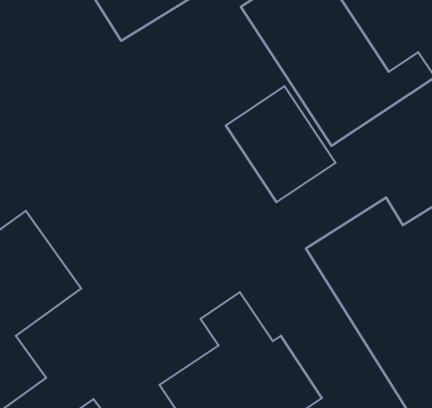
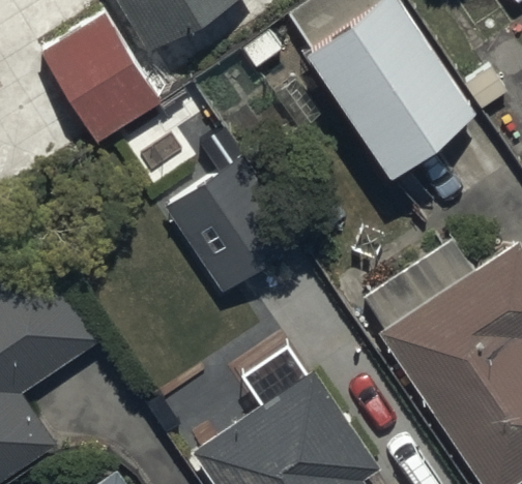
building: none -> [39,13,161,145]
building: [226,86,335,202] -> [162,160,289,295]

